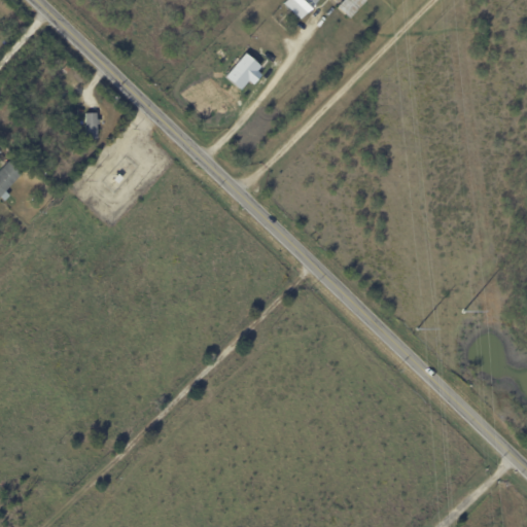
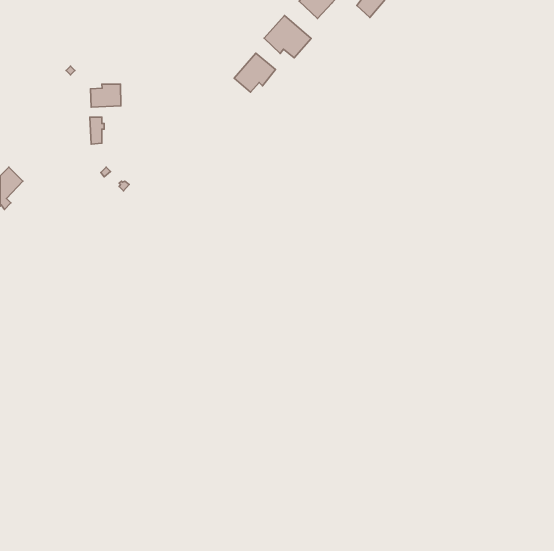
building: none -> [264,15,311,58]
building: none -> [91,84,121,107]

